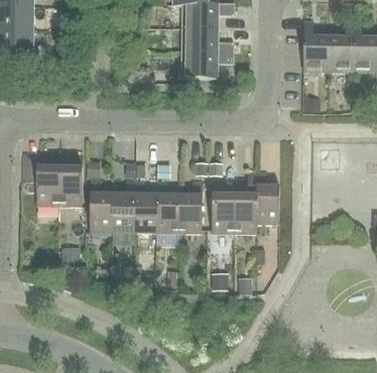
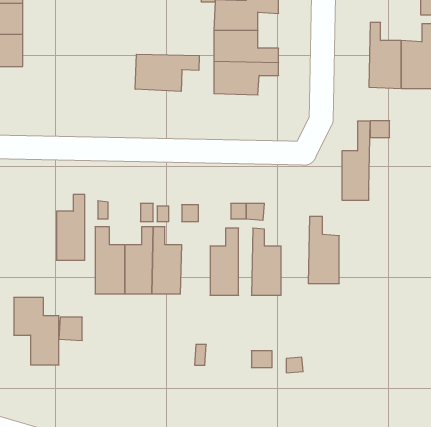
building: none -> [135,54,199,91]
building: [24,154,59,207] -> [14,298,59,365]
building: [235,172,257,234] -> [342,121,370,200]
building: [156,181,179,234] -> none

